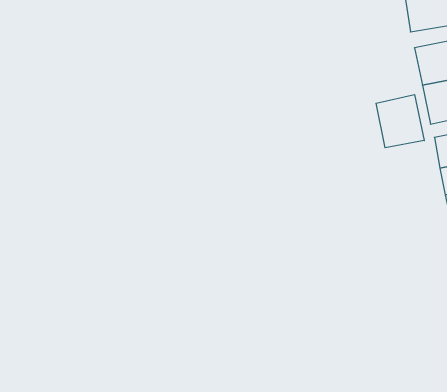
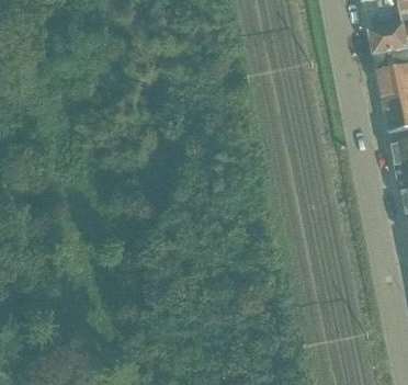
building: [376,95,424,148] -> none

